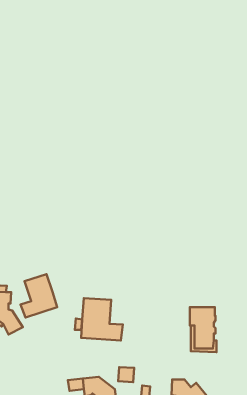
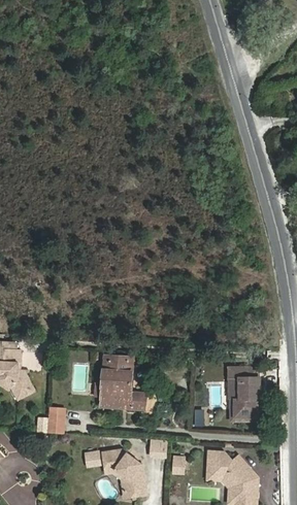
building: [20,274,57,318] -> none
building: none -> [47,407,65,434]

